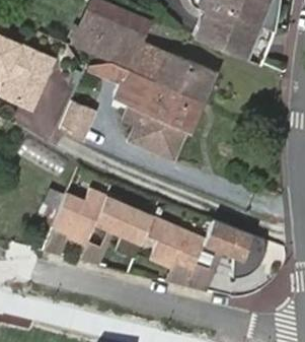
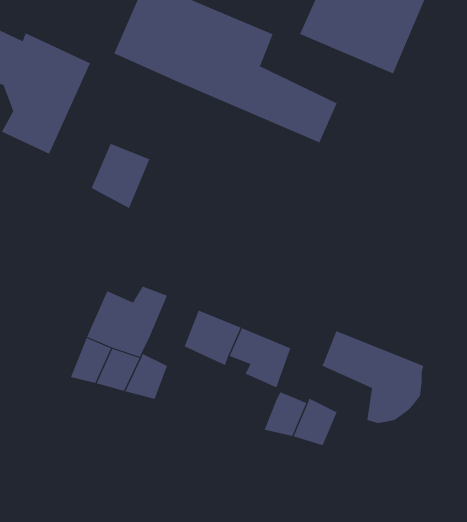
building: [90,62,203,160] -> none
building: [95,197,143,255] -> none
building: [151,230,205,265] -> none

